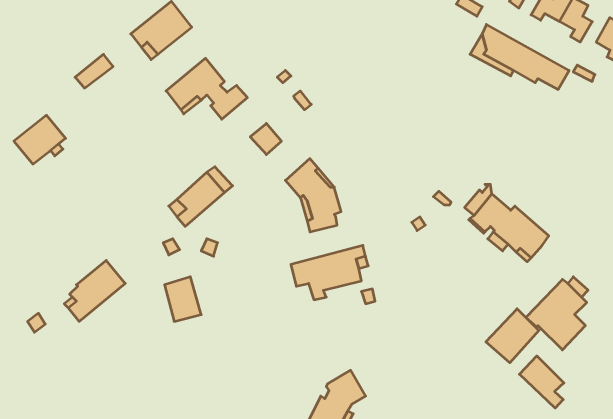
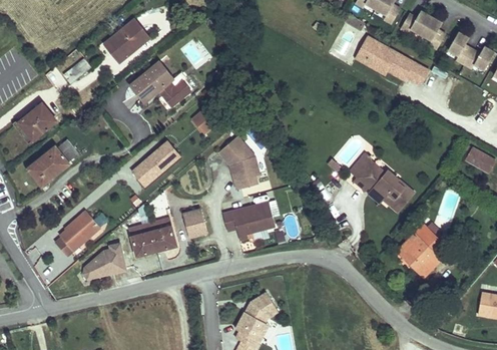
building: none -> [28,139,77,185]
building: none -> [182,209,206,237]
building: none -> [148,218,176,251]
building: none -> [83,244,125,278]
building: [486,309,539,363] -> none
building: [519,356,564,408] -> none

